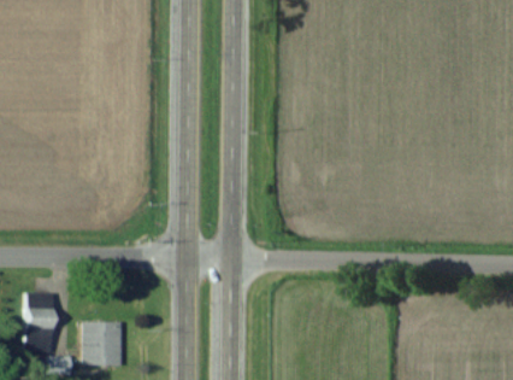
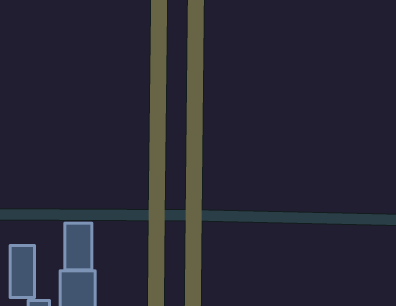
building: none -> [65,223,92,270]

